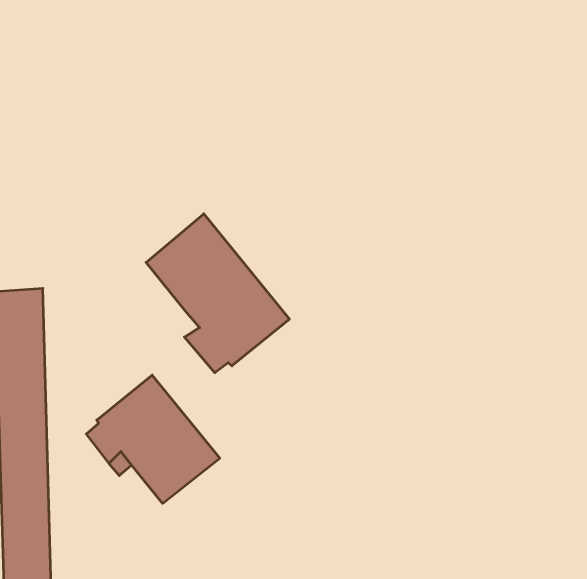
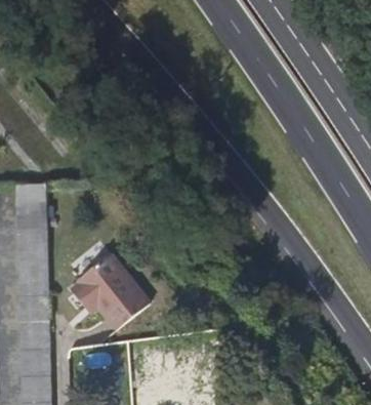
building: [146,214,289,373] -> none

